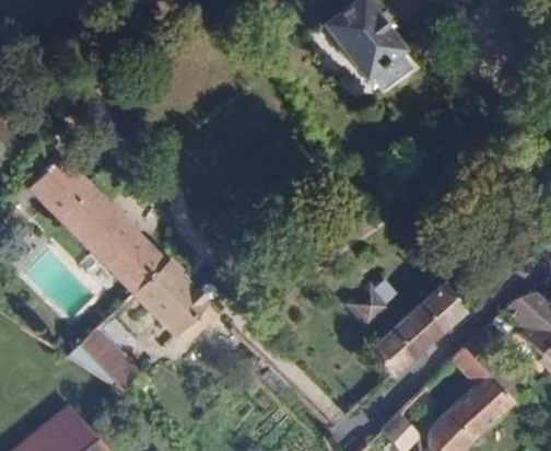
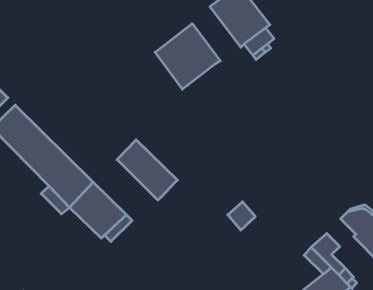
building: none -> [155,24,220,89]
building: none -> [117,140,178,200]
building: [367,282,466,374] -> none
building: [68,327,142,389] -> none

